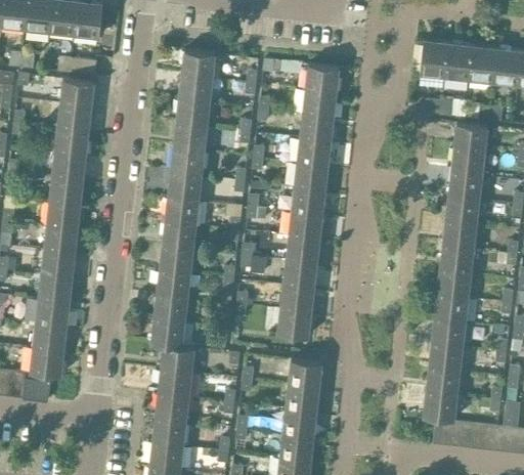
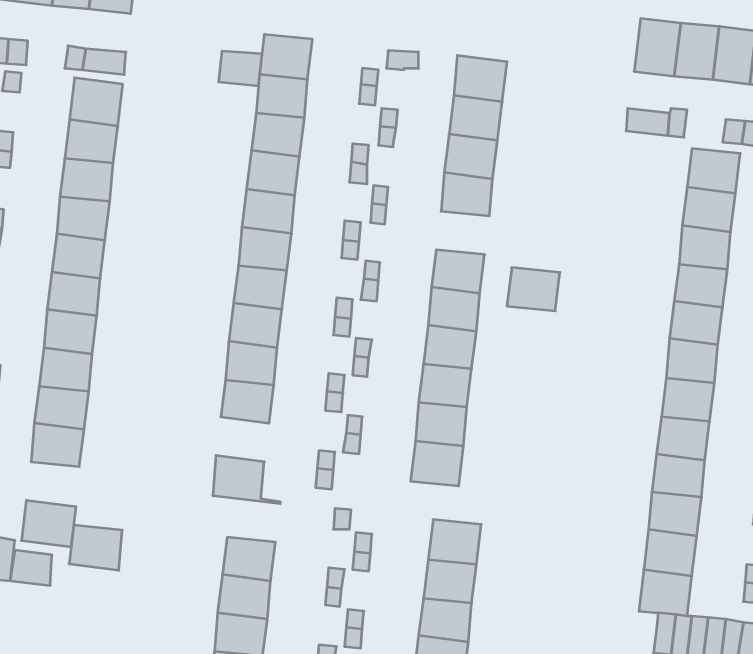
building: none -> [219,51,262,86]
building: [294,163,328,190] -> [507,268,560,311]
building: [154,294,187,322] -> none
building: [33,322,67,351] -> [69,525,122,570]
building: [150,344,194,374] -> none

